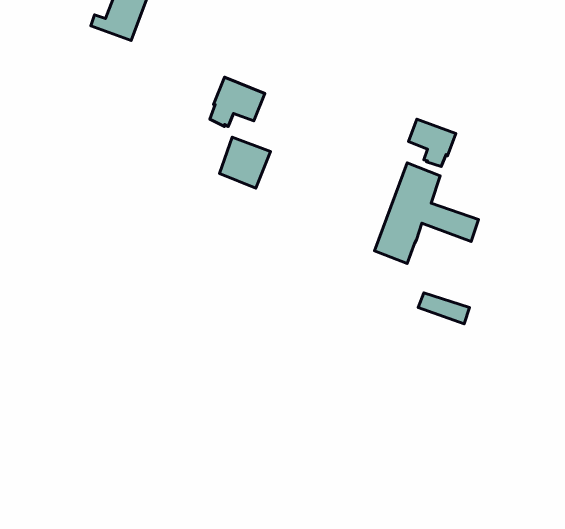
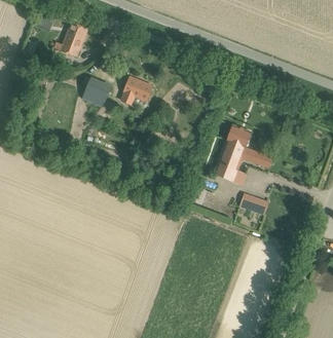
building: [408,119,456,166] -> none
building: [219,137,271,188] -> [82,78,111,107]

